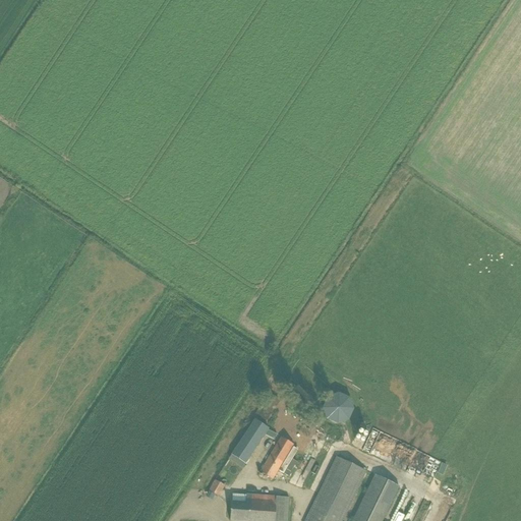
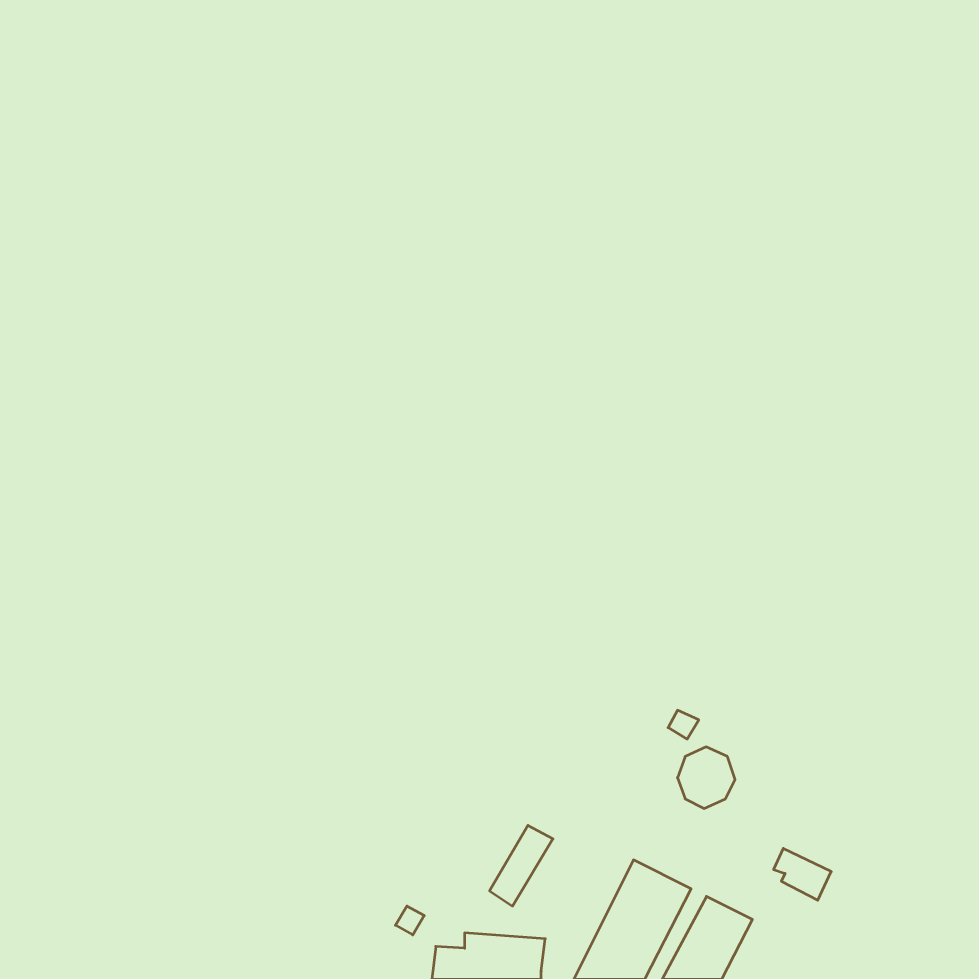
building: [324,392,354,424] -> [677,747,735,808]
building: [230,417,267,464] -> none

